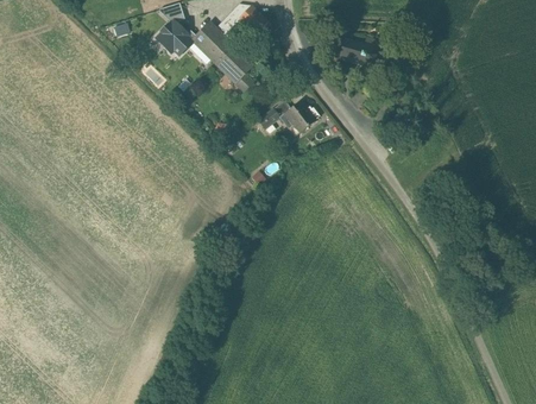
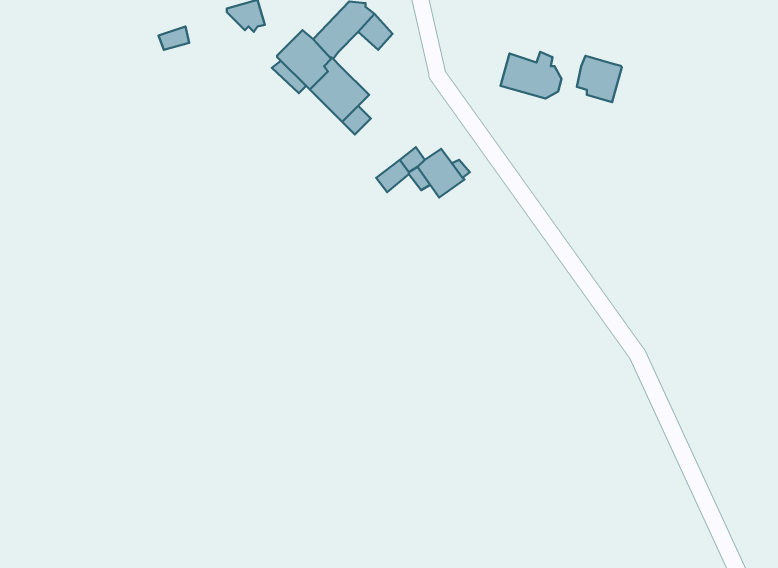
building: [157,20,196,55] -> none
building: none -> [577,56,622,102]

